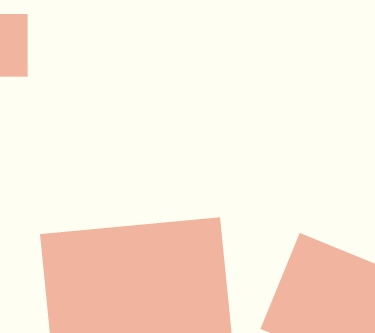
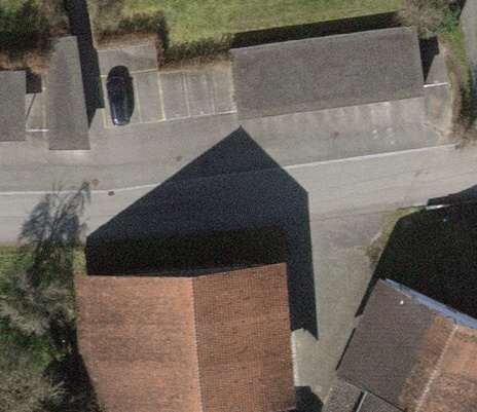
building: none -> [252,27,445,122]

